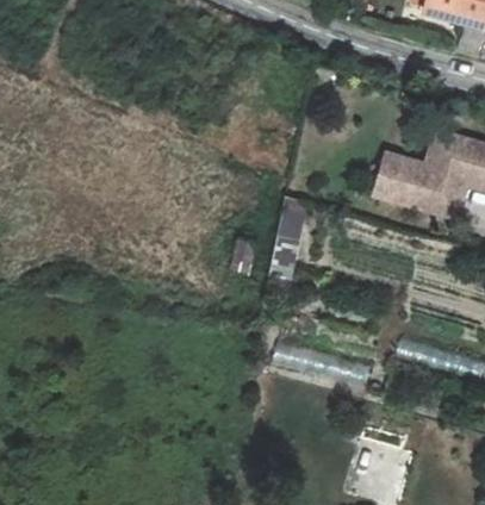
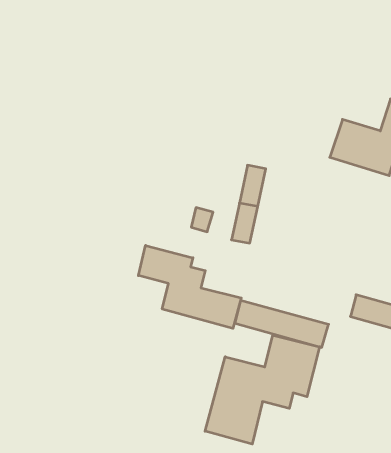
building: none -> [138,245,241,328]
building: none -> [205,335,320,444]

